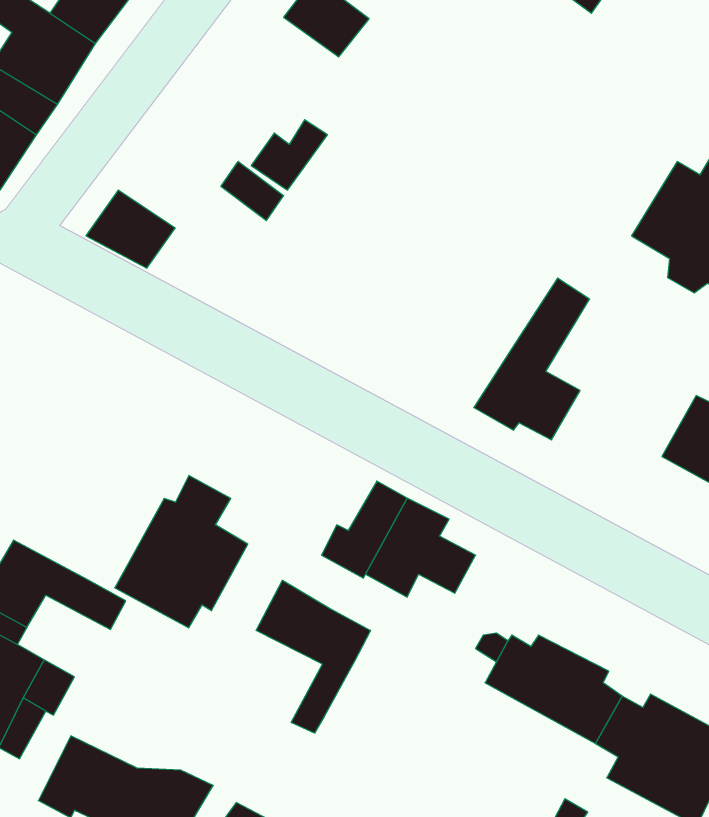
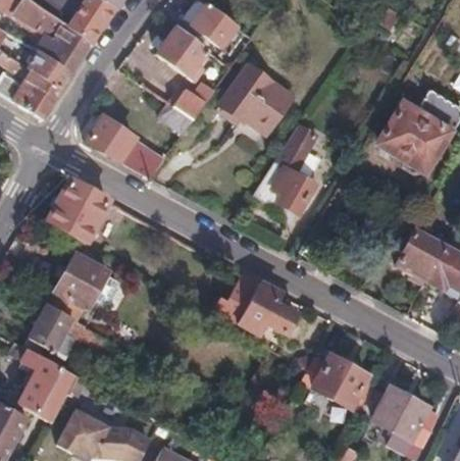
building: none -> [158,25,209,76]
building: none -> [223,66,291,131]
building: none -> [119,139,166,177]
building: [474,278,590,440] -> [255,124,317,211]
building: none -> [48,183,107,244]
building: [115,476,248,628] -> [48,246,119,327]
building: [256,580,371,733] -> none

